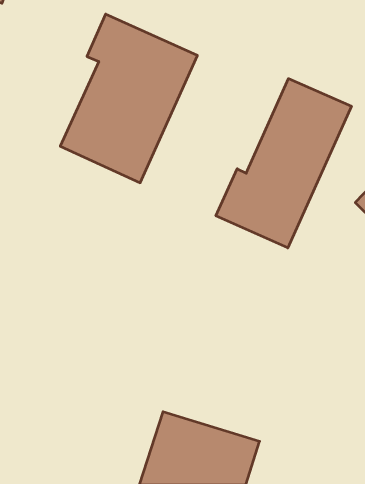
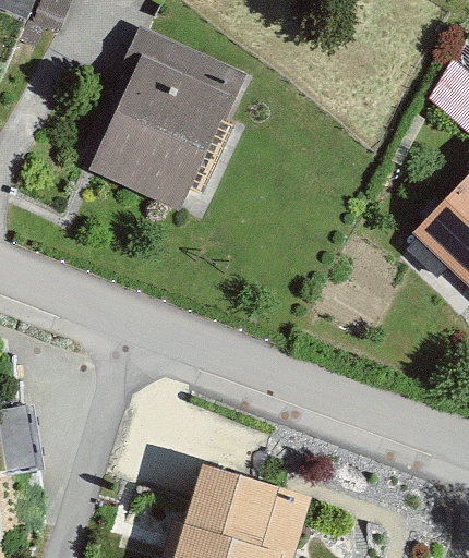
building: [216,79,351,248] -> none

